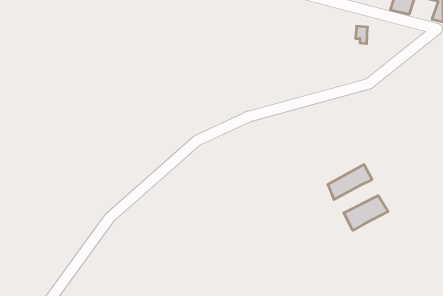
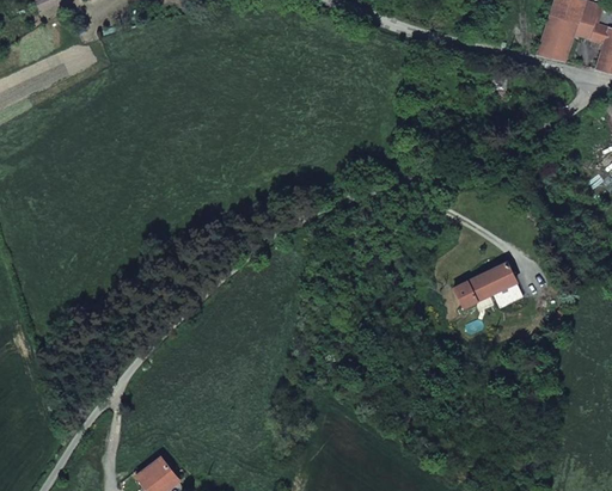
building: [344,196,388,230] -> none

